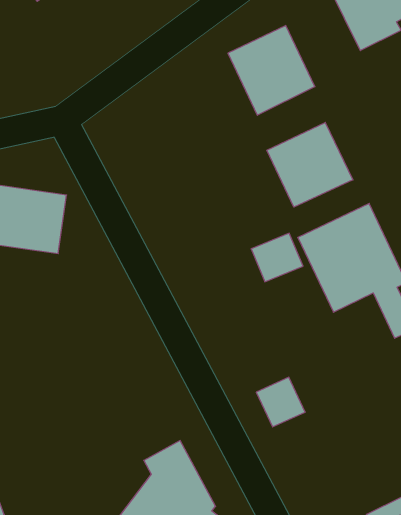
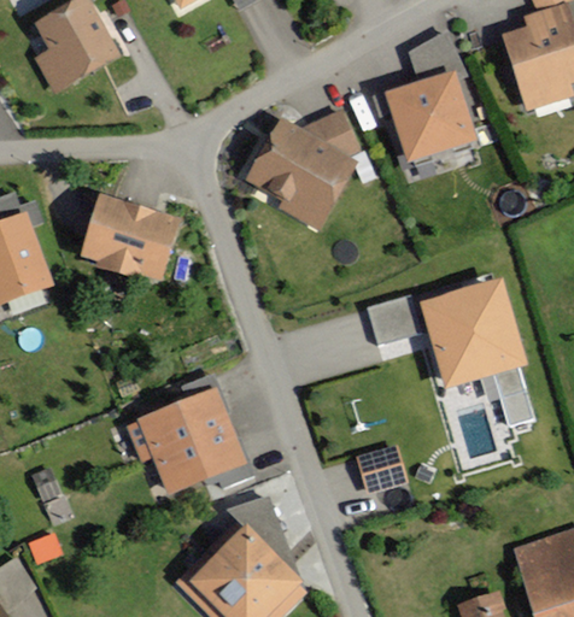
building: none -> [235,111,355,230]
building: [267,122,353,207] -> none
building: none -> [133,377,257,499]

